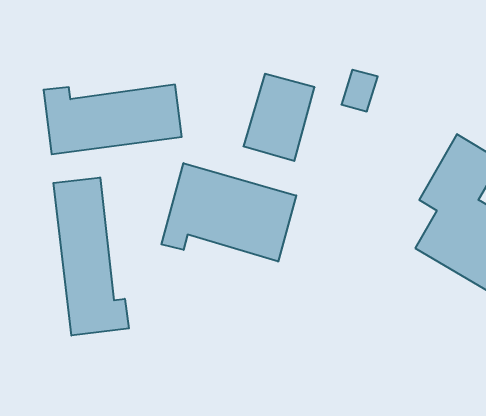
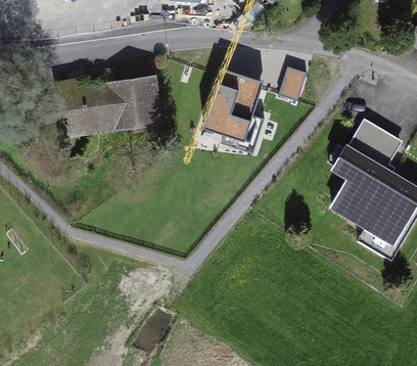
building: [161,163,296,262] -> none
building: [53,177,129,336] -> none

